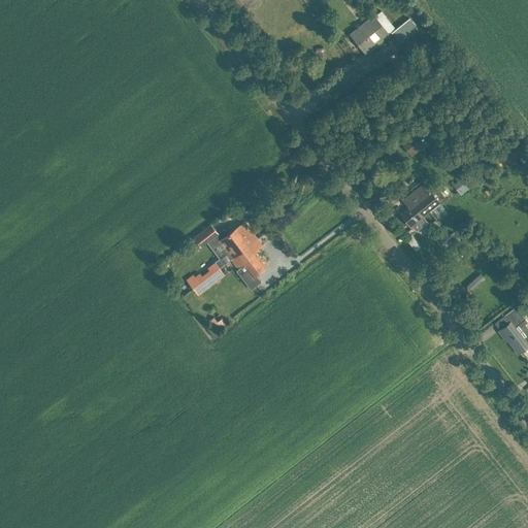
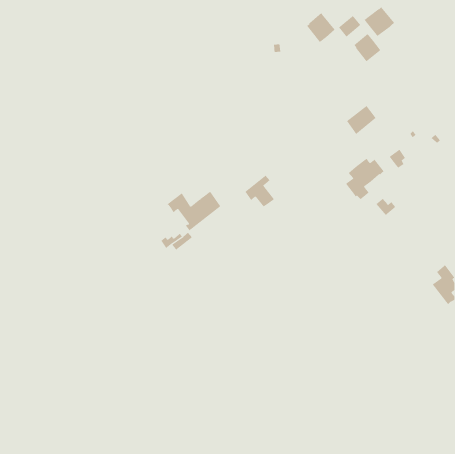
building: none -> [364,6,395,37]
building: none -> [353,33,381,62]
building: [231,240,266,277] -> [244,175,275,207]

